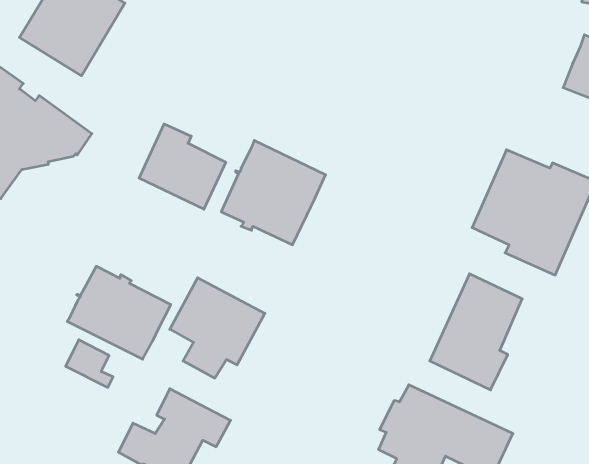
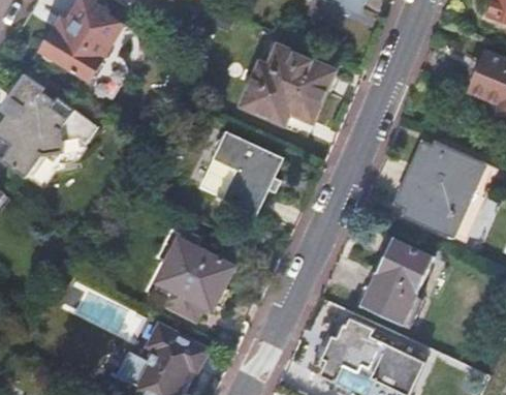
building: none -> [240,45,335,126]
building: [139,124,226,209] -> none
building: [67,266,171,359] -> none

